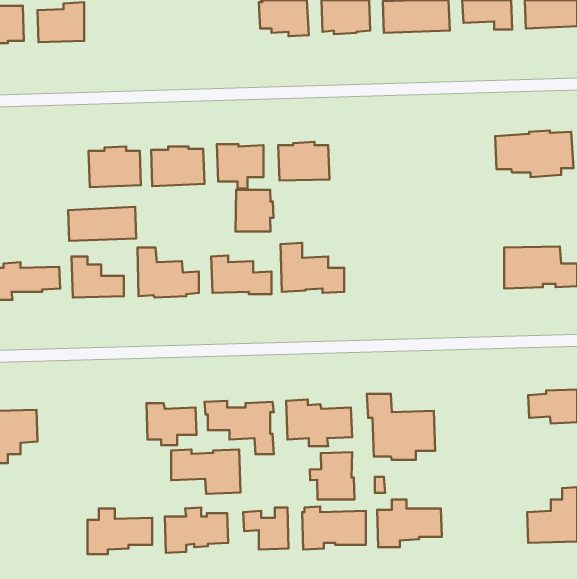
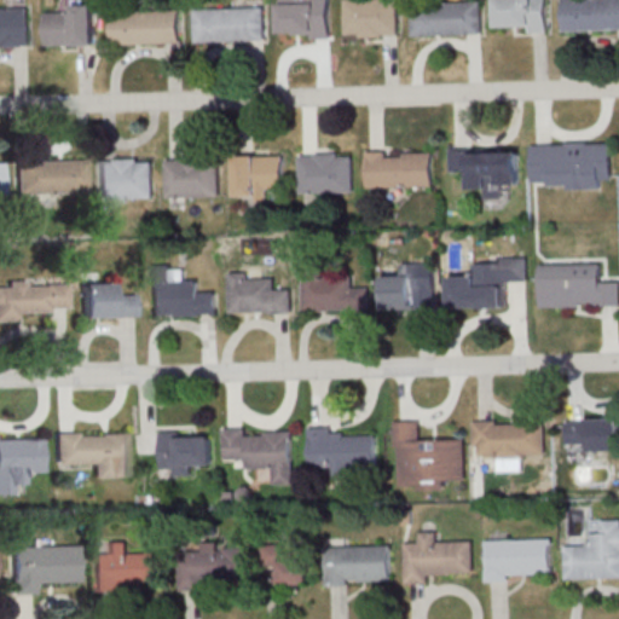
building: none -> [191,6,262,42]
building: none -> [108,10,178,45]
building: none -> [447,150,516,199]
building: none -> [361,151,429,187]
building: [236,190,273,232] -> none
building: [68,207,136,241] -> [11,160,83,196]
building: none -> [445,256,526,308]
building: none -> [378,270,430,312]
building: none -> [470,421,542,461]
building: [171,449,240,494] -> [52,432,126,479]
building: [310,452,355,500] -> none
building: none -> [482,539,550,583]
building: none -> [7,545,76,596]

